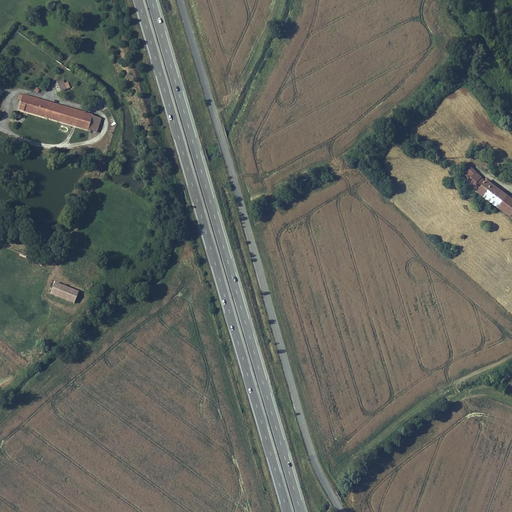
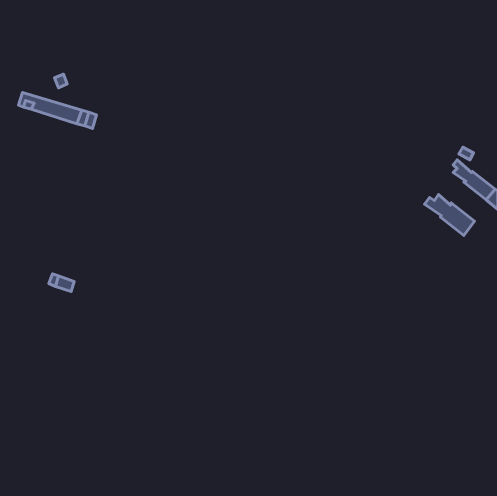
building: none -> [425,194,475,235]

